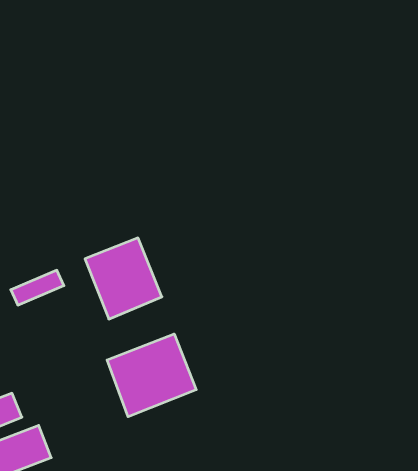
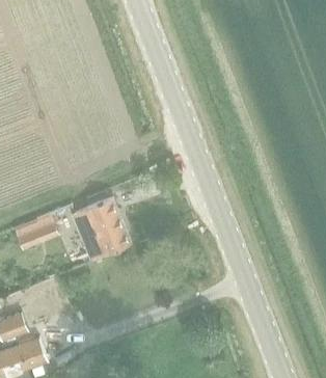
building: [107,334,196,417] -> none

